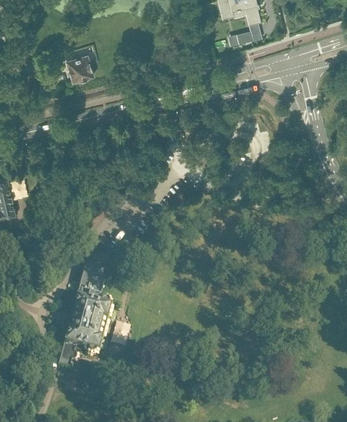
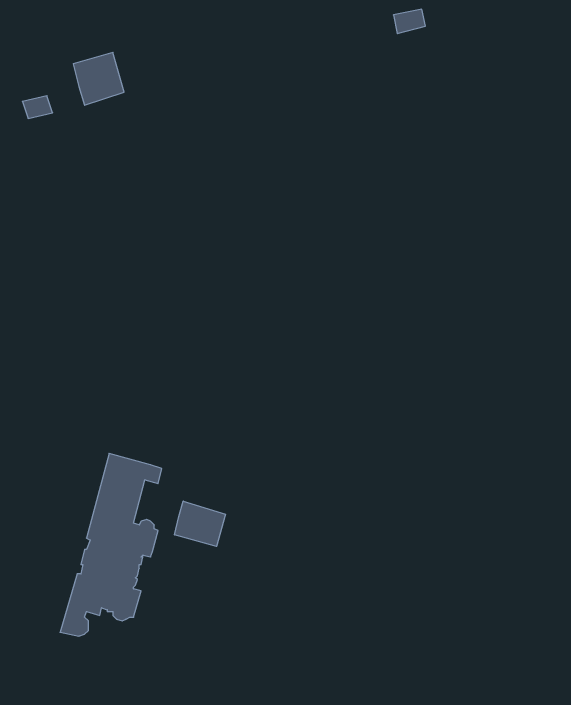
building: none -> [175,501,225,546]

